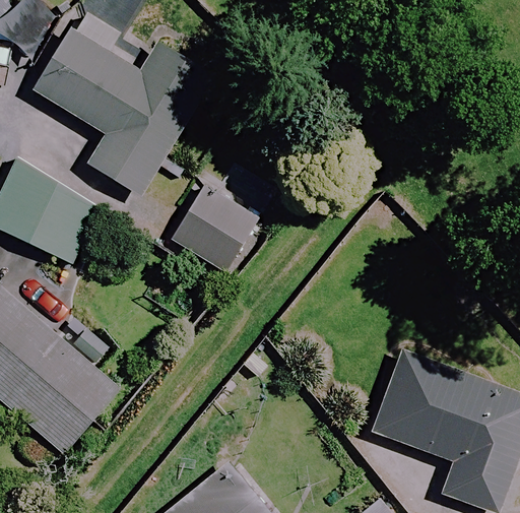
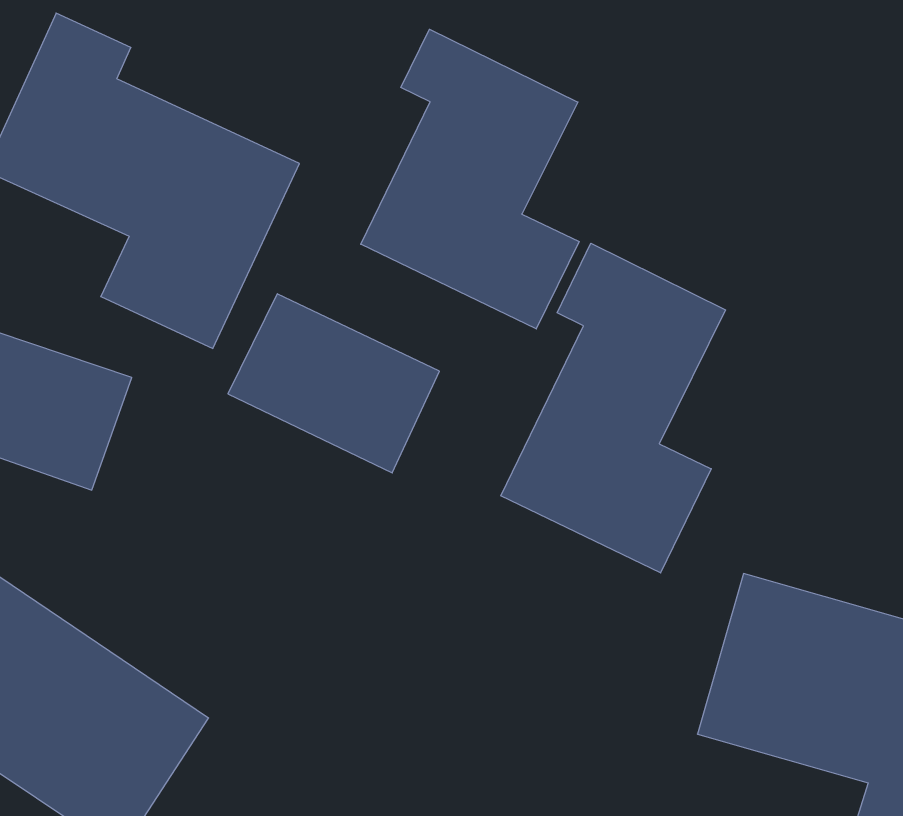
building: none -> [361,29,579,329]
building: none -> [501,243,726,573]

